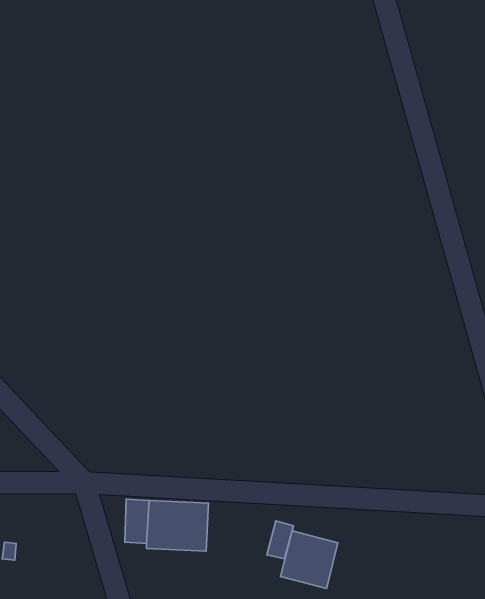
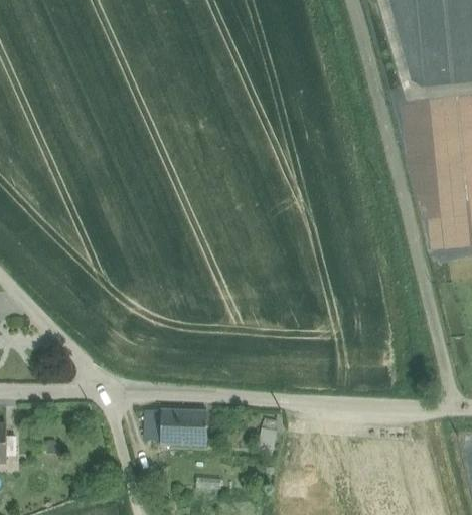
building: [281,531,338,588] -> none

